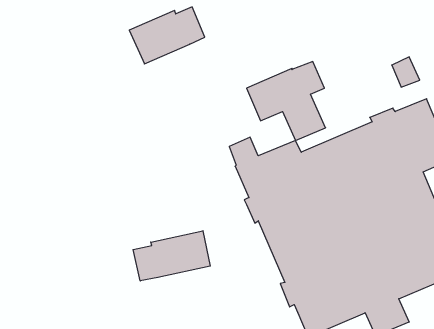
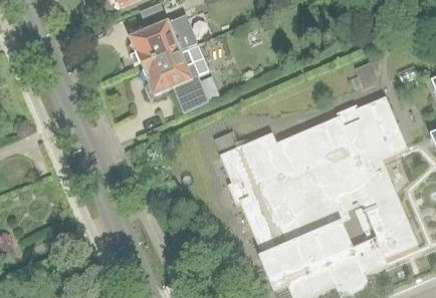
building: [247,62,326,141] -> [141,42,209,110]
building: [133,231,210,281] -> none

